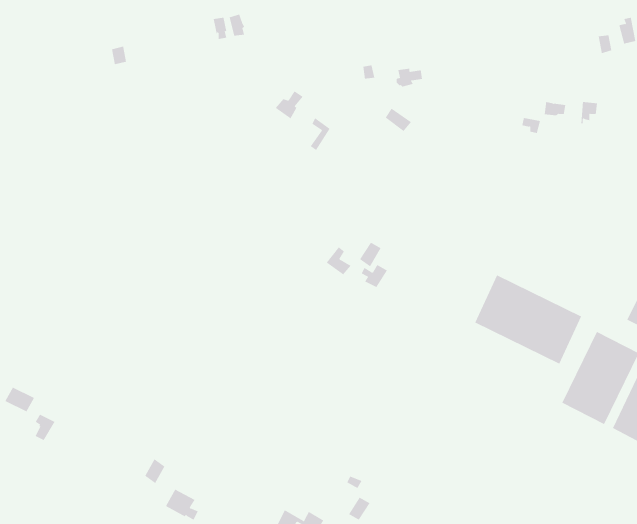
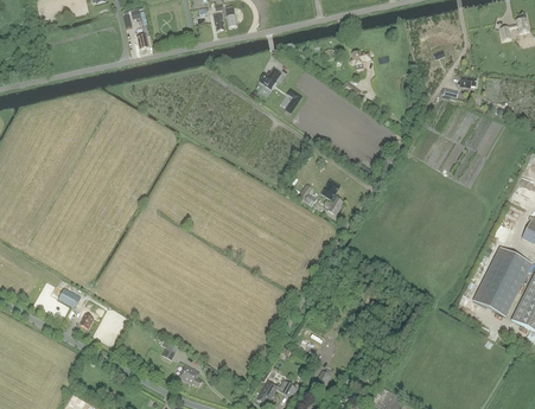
building: [475,275,582,365] -> none

